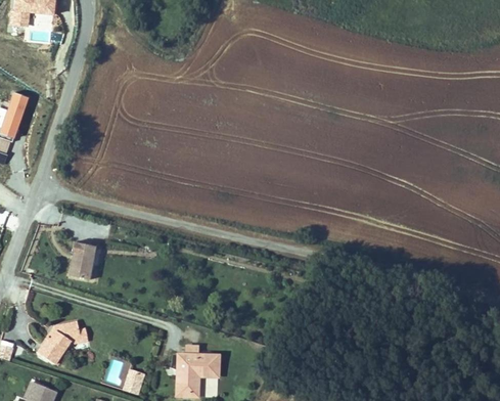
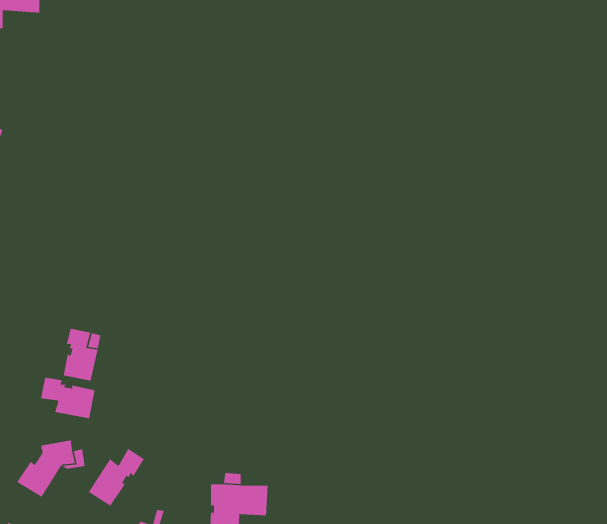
building: none -> [40,377,96,419]
building: none -> [88,448,145,507]

